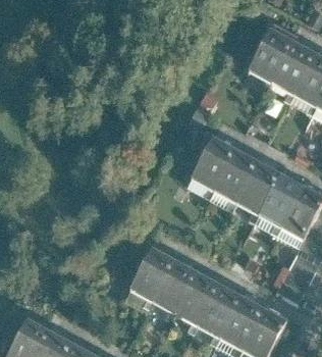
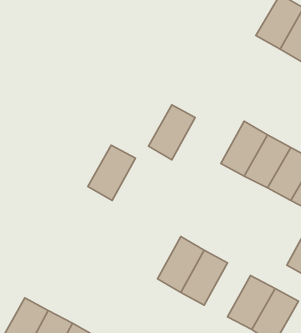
building: [192,139,236,192] -> [148,105,195,160]
building: [129,250,175,303] -> [88,145,135,200]
building: [198,288,243,340] -> none

